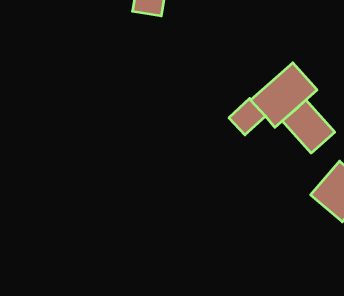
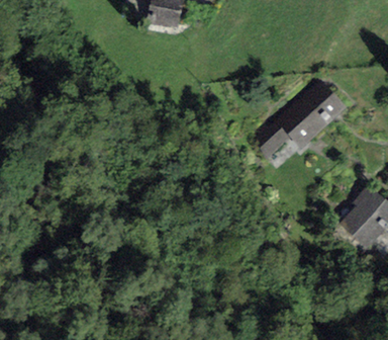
building: [282,100,335,153] -> none

